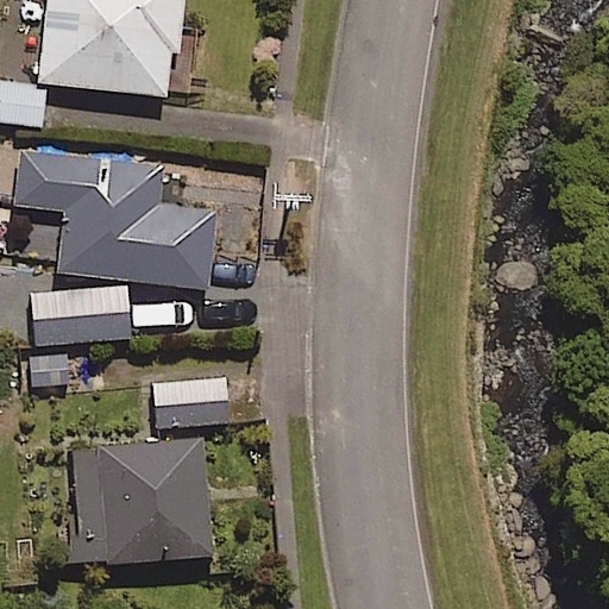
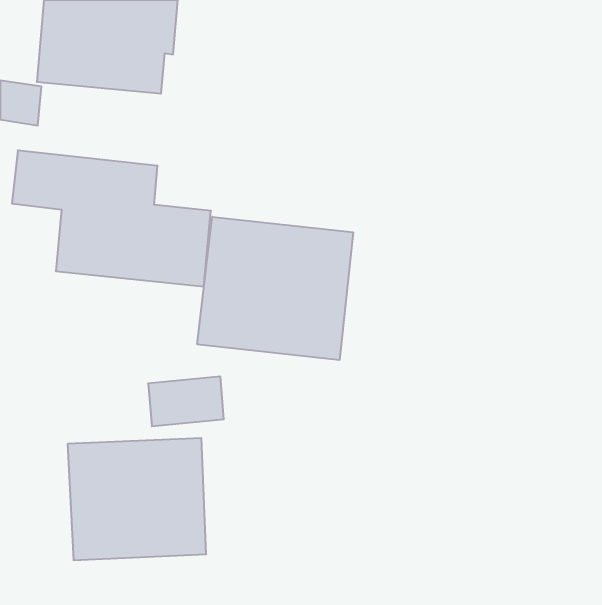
building: none -> [197,217,353,360]
building: [32,288,130,345] -> none

